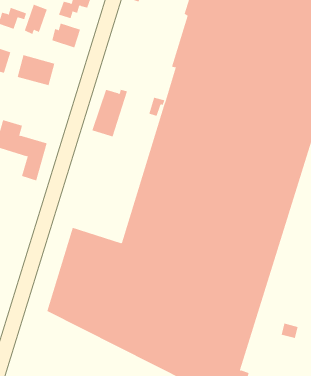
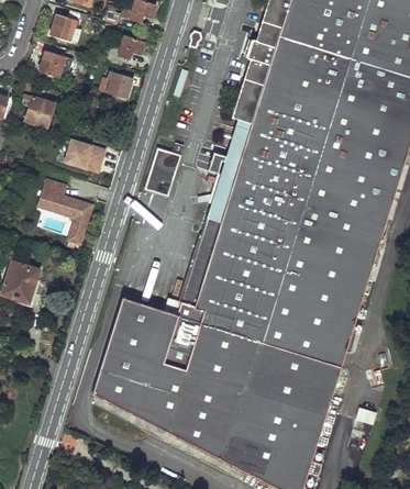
building: [24,4,48,35] -> none
building: [17,55,55,86] -> [63,141,106,176]

